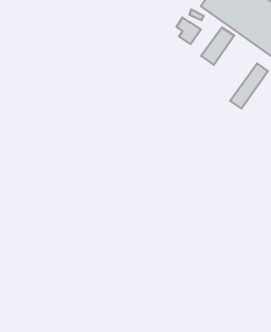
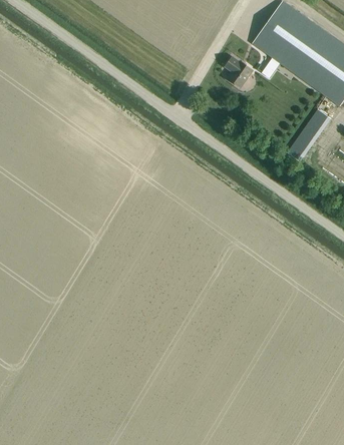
building: [201,27,234,65] -> none

